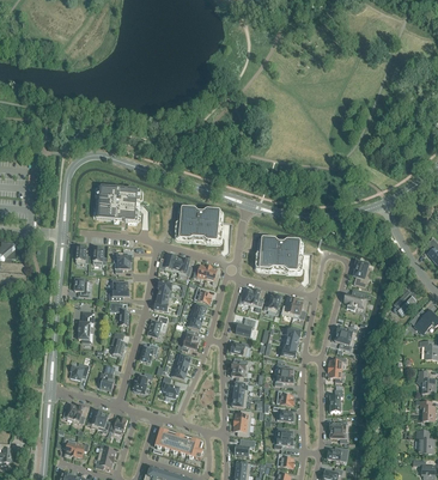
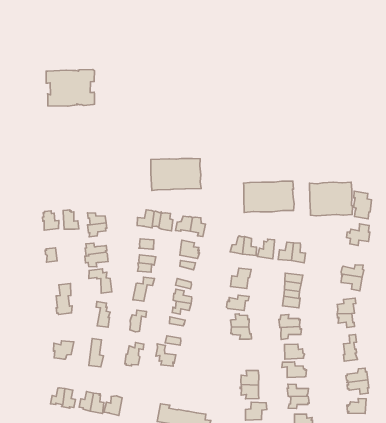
building: [96,186,141,220] -> [46,70,94,106]
building: none -> [309,182,352,216]

